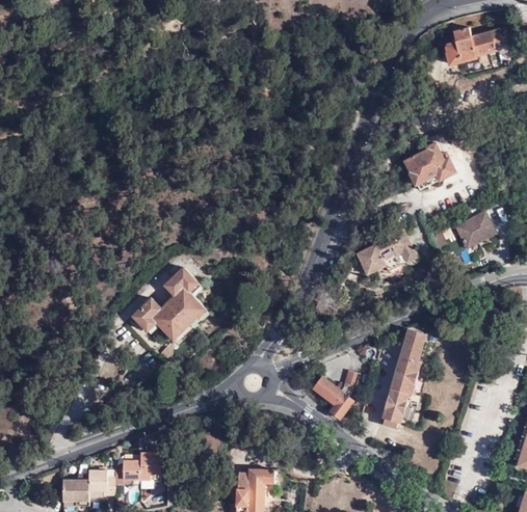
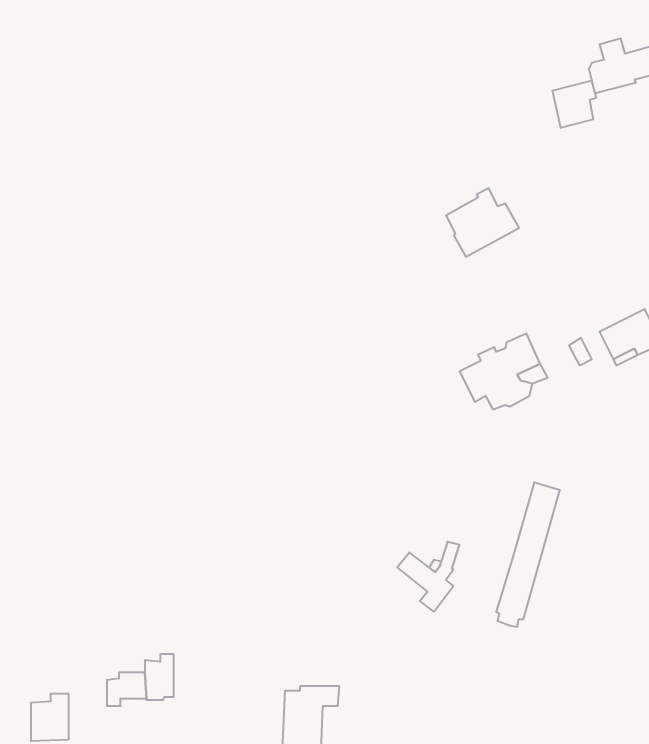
building: none -> [552,80,596,128]
building: [405,143,455,190] -> [446,188,519,257]
building: [133,269,207,340] -> none
building: [89,470,115,494] -> none

